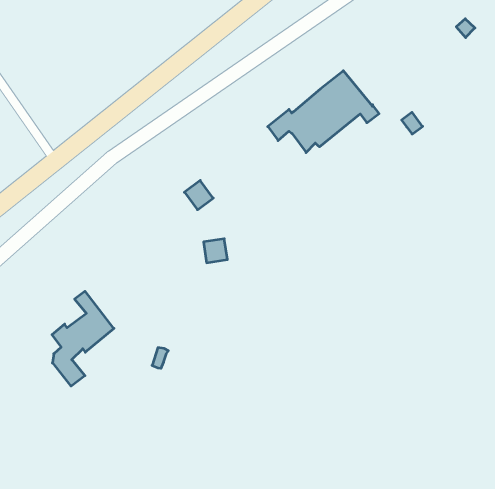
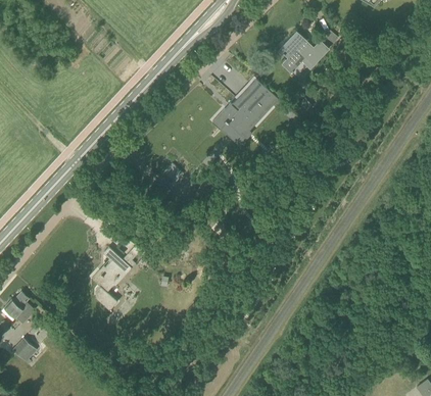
building: none -> [279,32,327,67]

